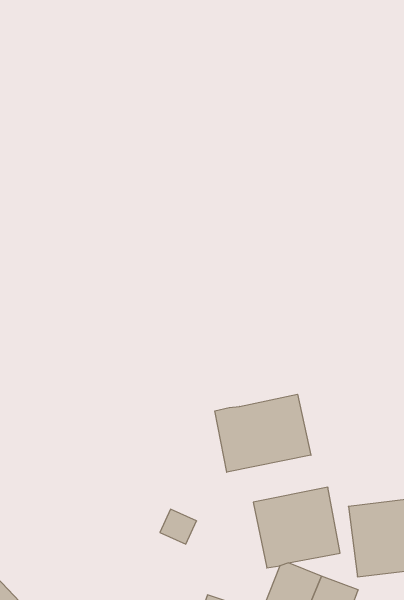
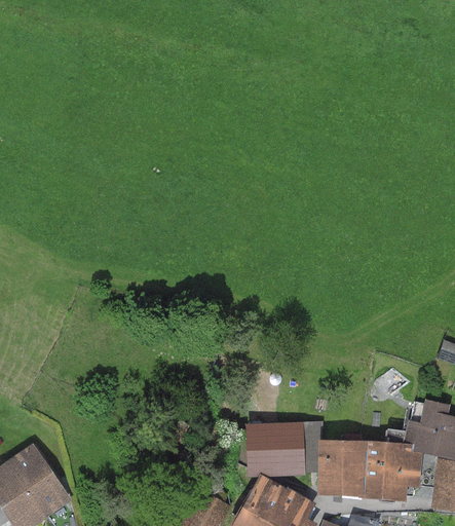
building: [215,394,311,472] -> none

